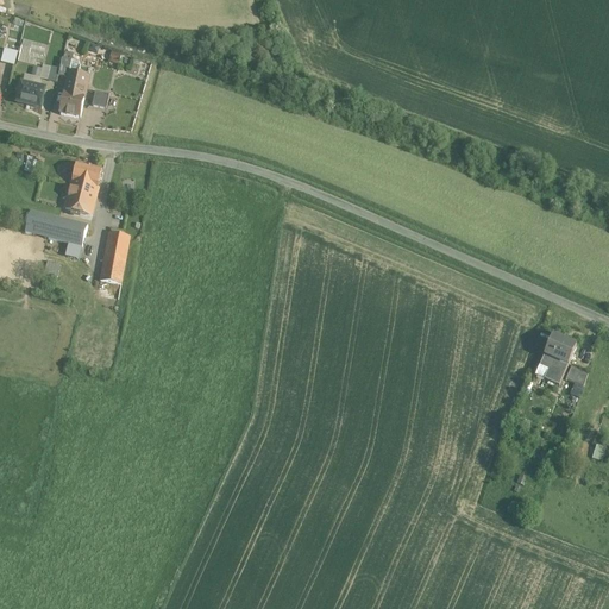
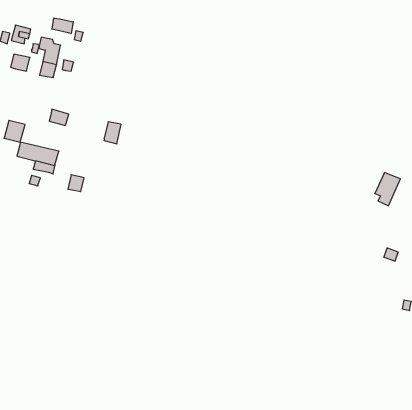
building: none -> [52,18,73,34]
building: [65,178,96,211] -> [4,120,25,142]
building: [105,230,130,262] -> [104,122,121,144]
building: [538,334,576,383] -> [375,173,401,206]

